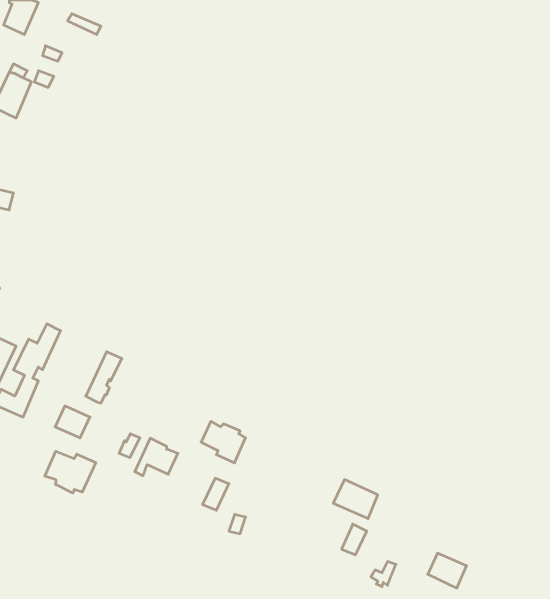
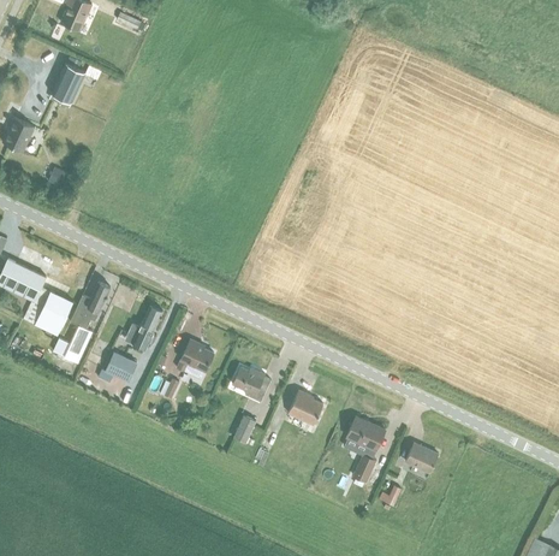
building: [135,438,178,476] -> [176,339,213,372]
building: none -> [286,390,322,425]
building: [45,451,96,493] -> none
building: [428,553,467,588] -> [404,443,438,473]

